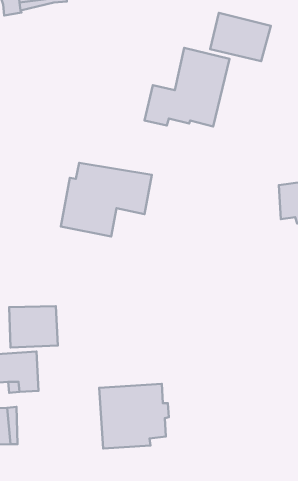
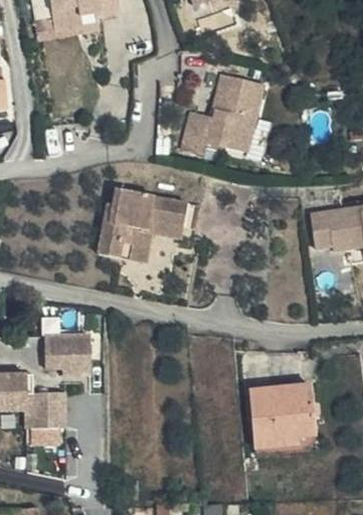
building: [210,13,271,61] -> none
building: [99,384,169,448] -> [249,383,319,448]

